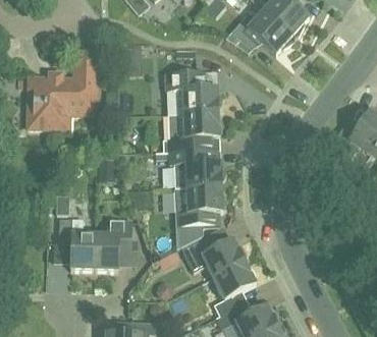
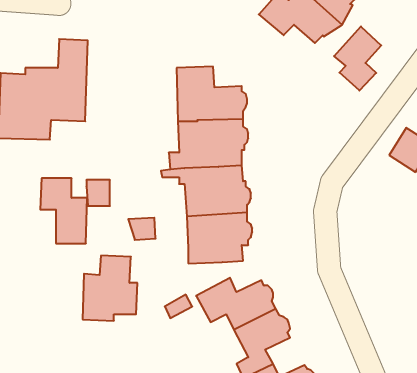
building: none -> [334,26,381,91]
building: [58,219,95,270] -> [40,178,87,243]

